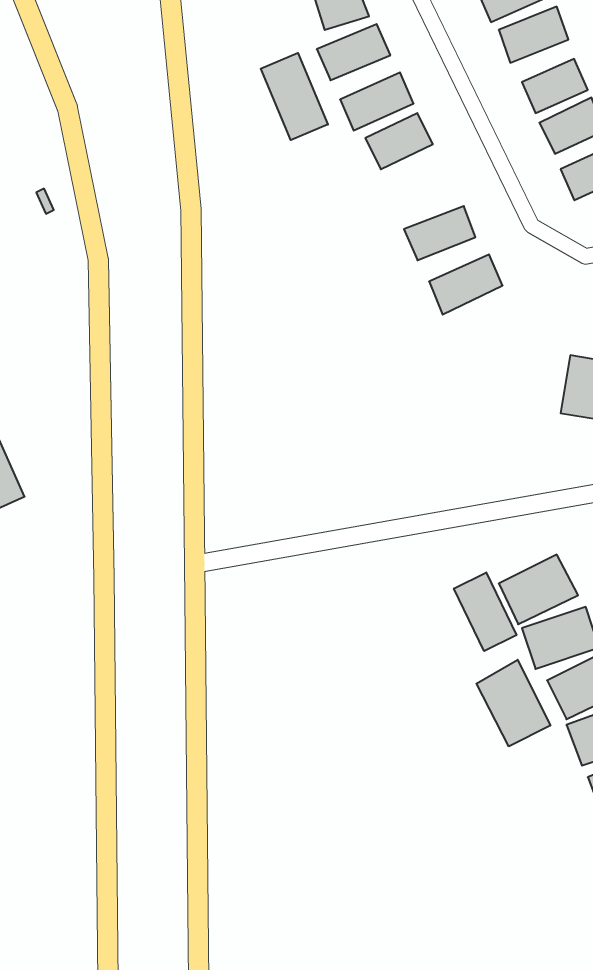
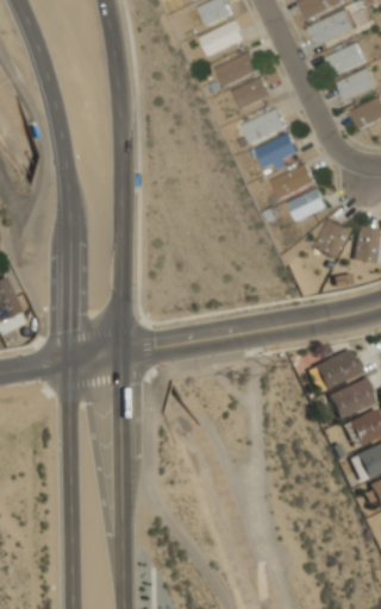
building: [261,53,328,140] -> none
building: none -> [243,107,289,144]
building: none -> [289,188,330,221]
building: none -> [316,219,350,258]
building: [454,572,517,651] -> none
building: [476,660,550,746] -> none

